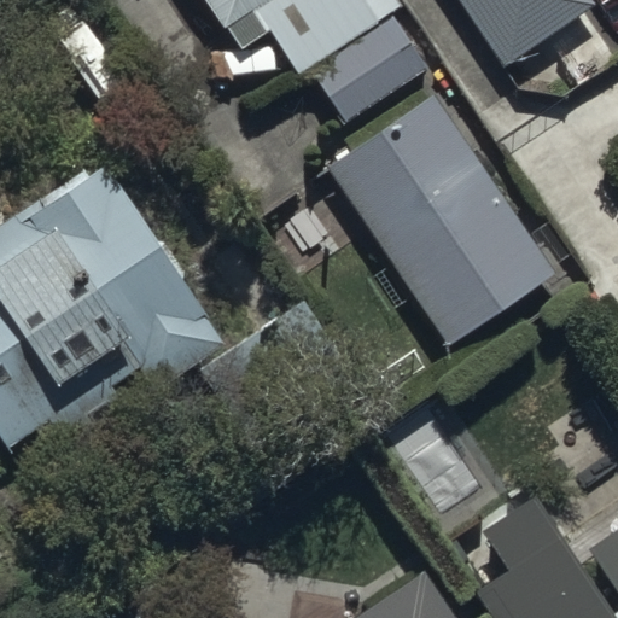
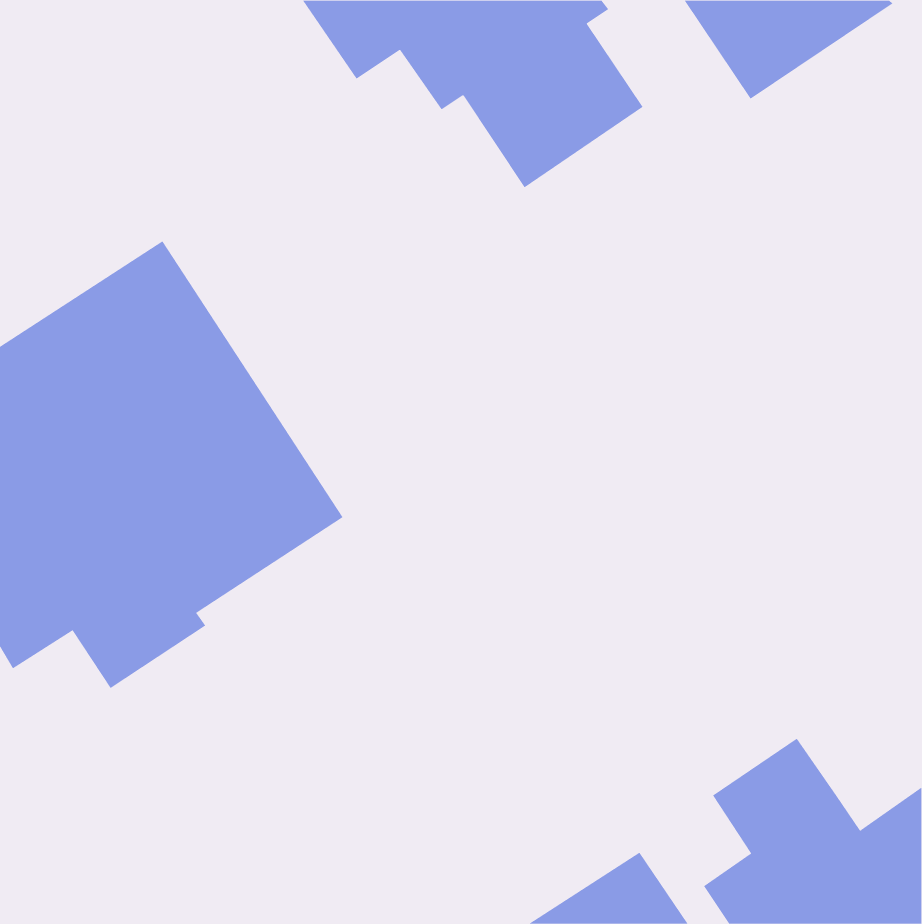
building: [326,95,555,346] -> none

